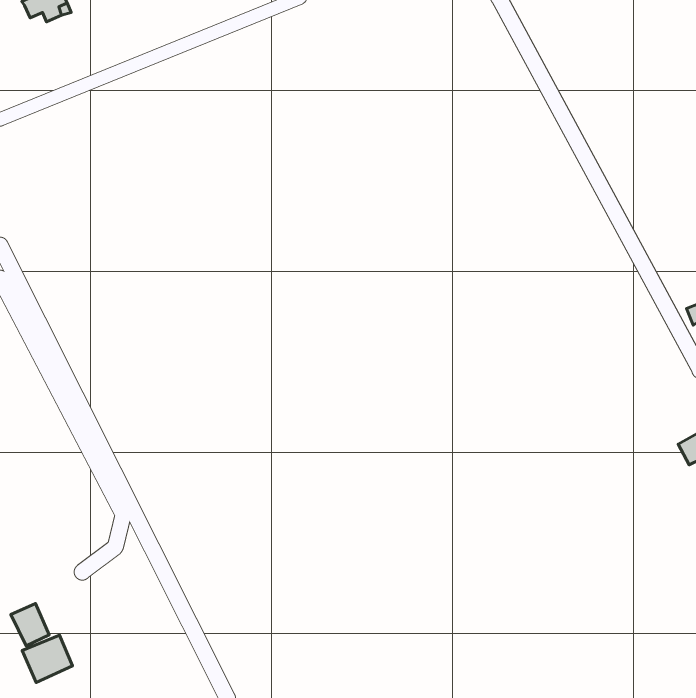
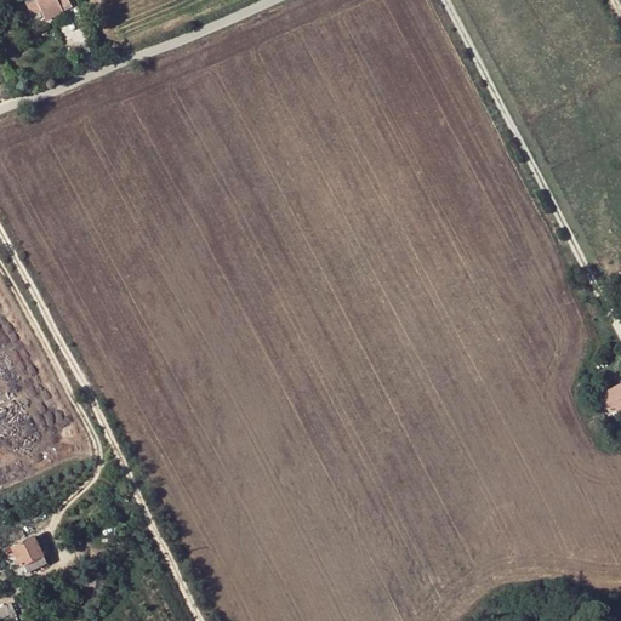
building: [22,635,72,682] -> none

